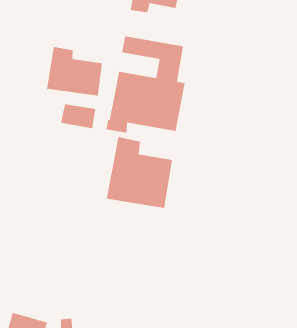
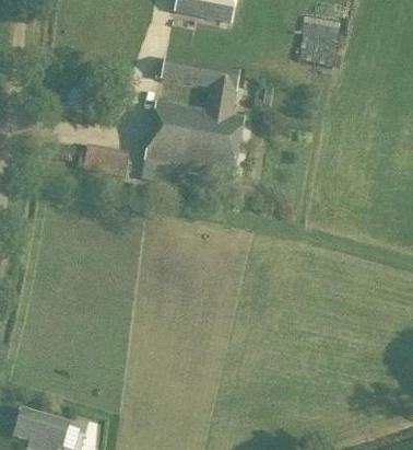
building: [46,46,103,96] -> none
building: [106,136,173,209] -> none

